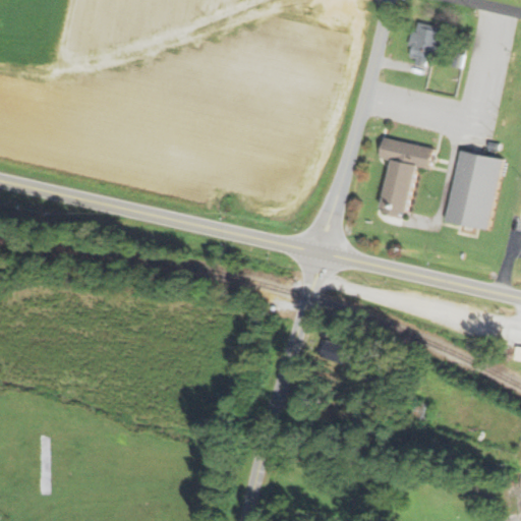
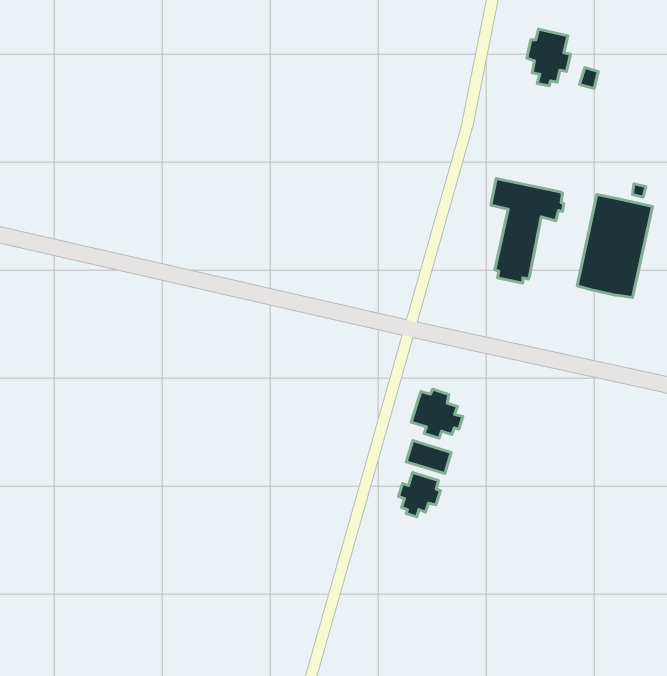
building: none -> [411,389,463,438]
building: none -> [399,473,440,517]

